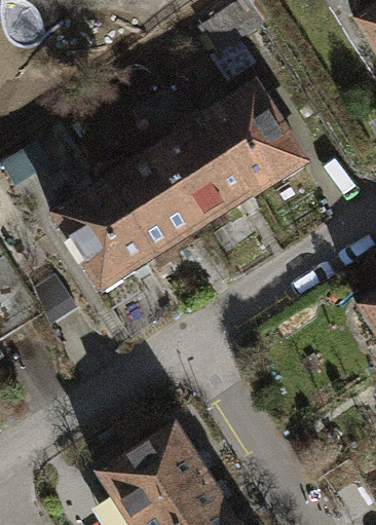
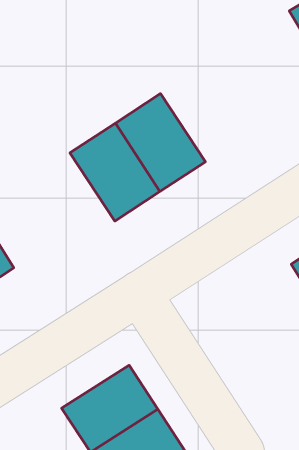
building: [208,80,310,191] -> none
building: [52,181,155,292] -> none

